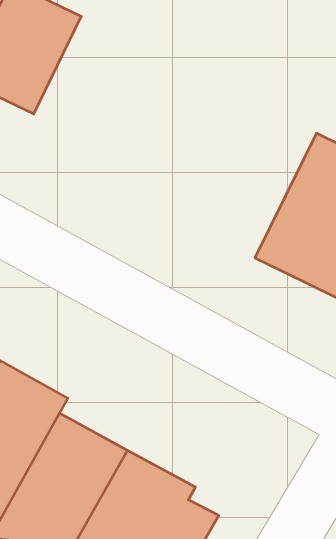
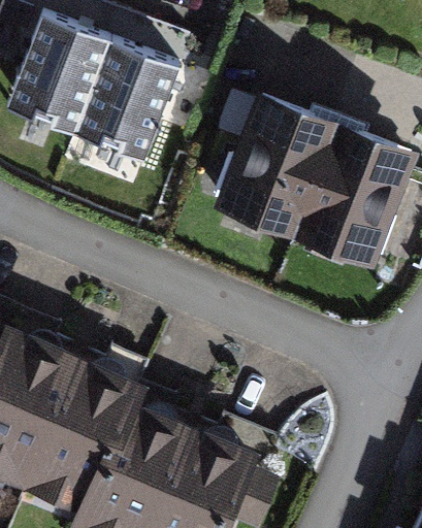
building: none -> [78,38,181,156]
building: none -> [212,93,336,241]

